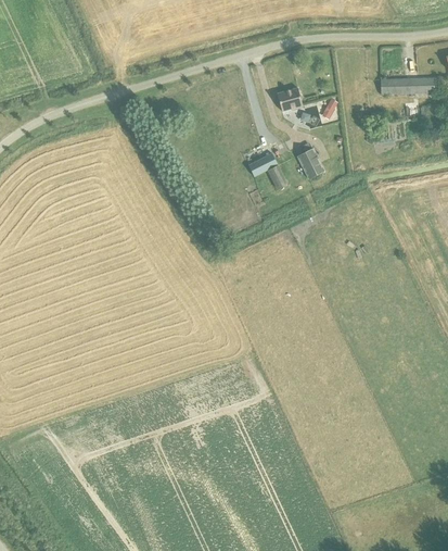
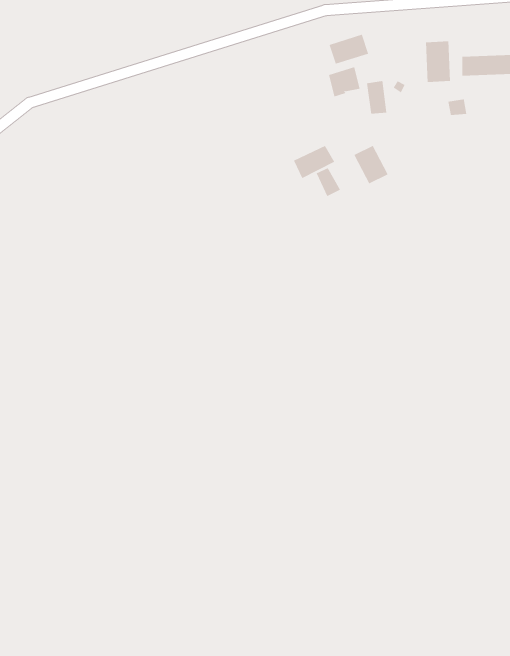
building: none -> [329,34,369,65]
building: none -> [425,41,450,83]

